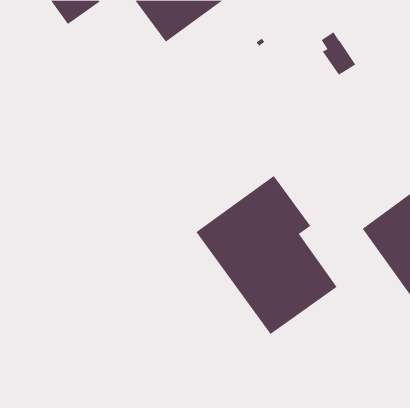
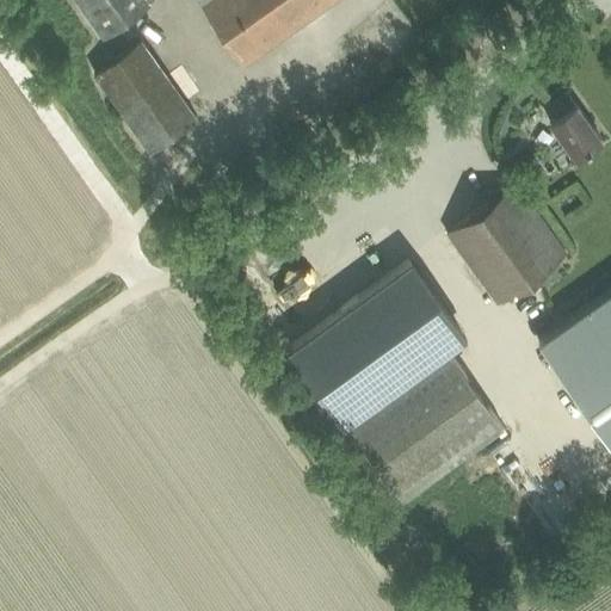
building: none -> [92,41,197,154]
building: [321,31,356,76] -> [549,94,601,160]
building: none -> [446,186,566,304]

